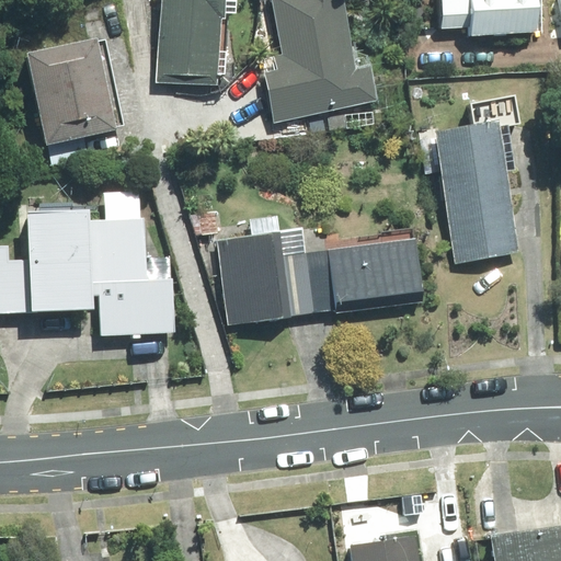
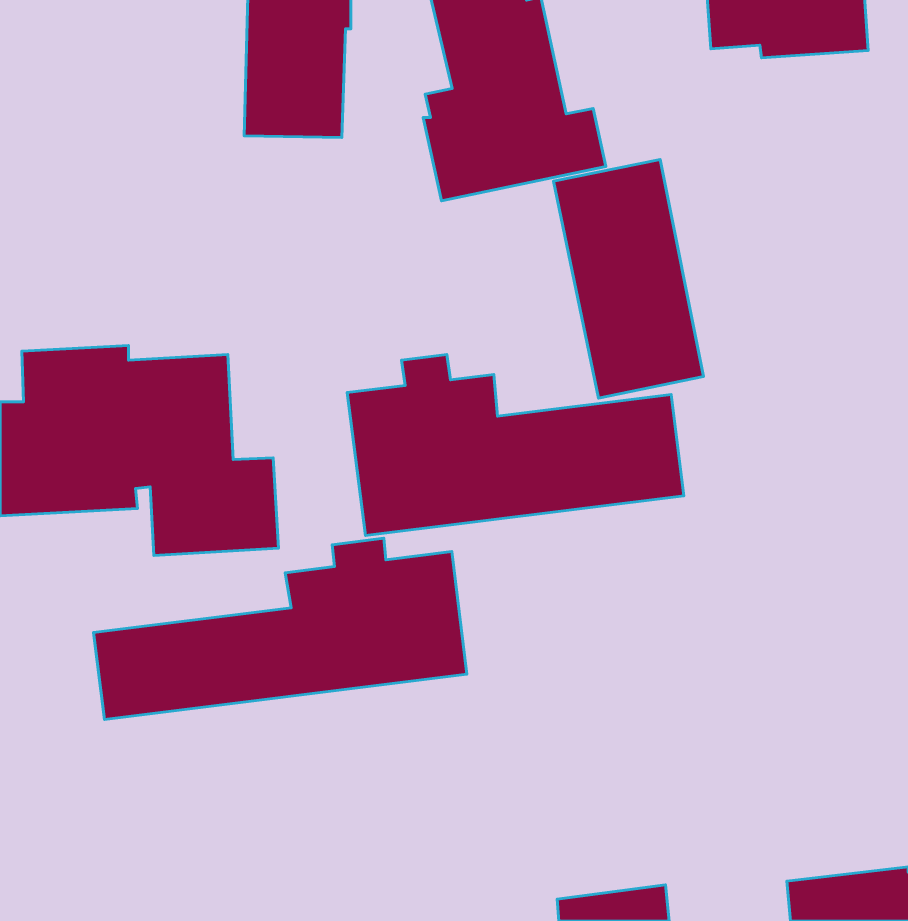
building: [20,36,118,165] -> none
building: [432,119,523,264] -> [553,159,704,398]
building: none -> [94,538,467,719]

